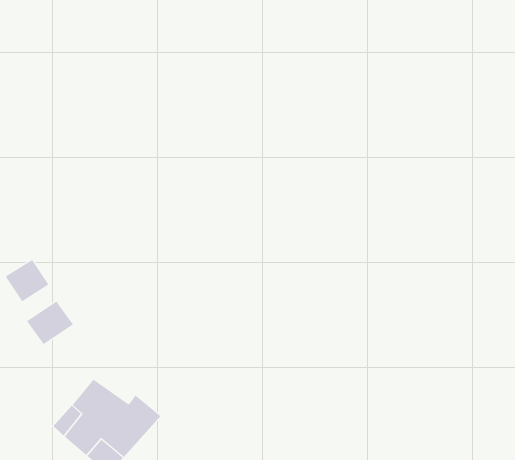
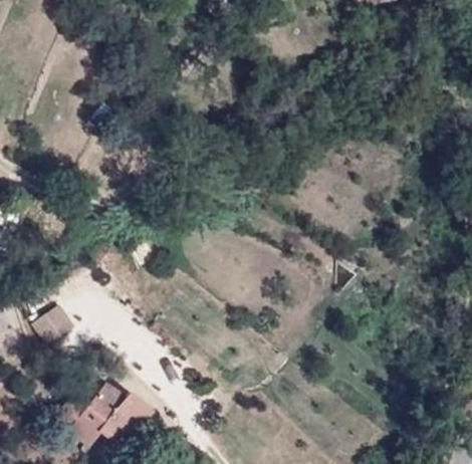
building: [5,259,49,302] -> none

